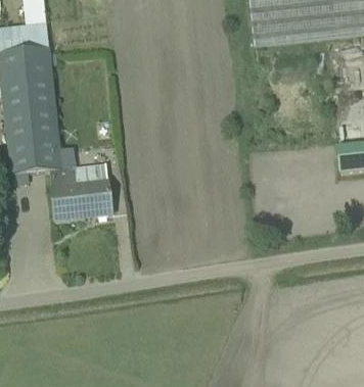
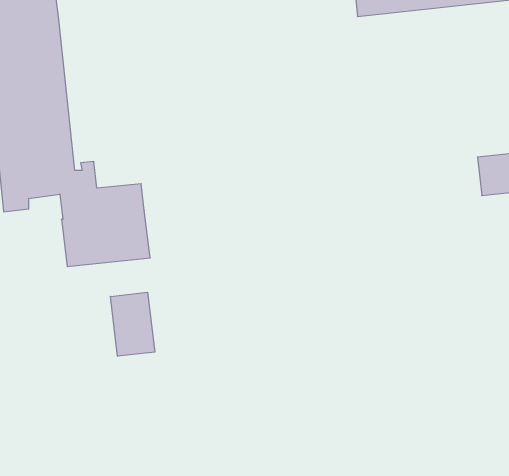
building: none -> [110,292,155,356]

